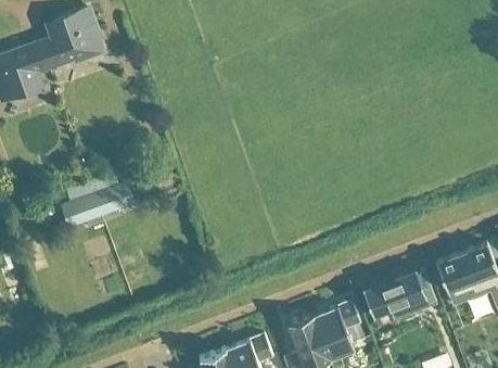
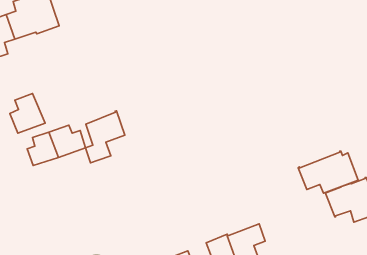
building: none -> [10,93,45,133]
building: none -> [85,111,125,163]
building: [361,268,436,320] -> [298,151,358,193]

